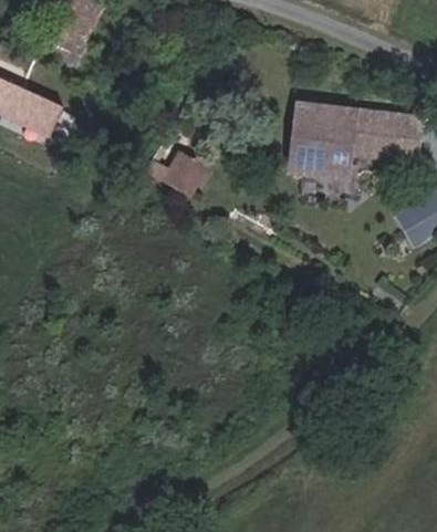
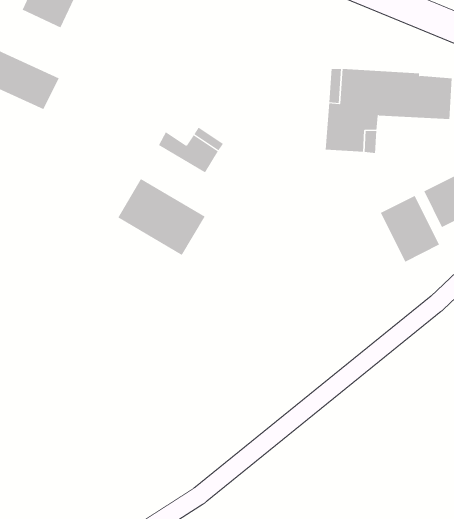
building: none -> [117,178,205,256]
building: none -> [380,195,440,262]

